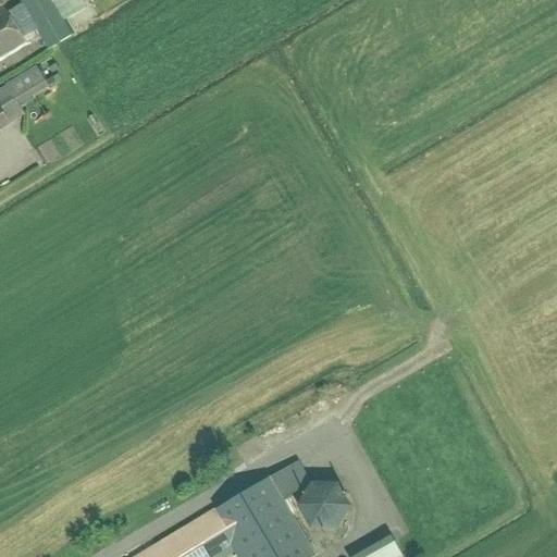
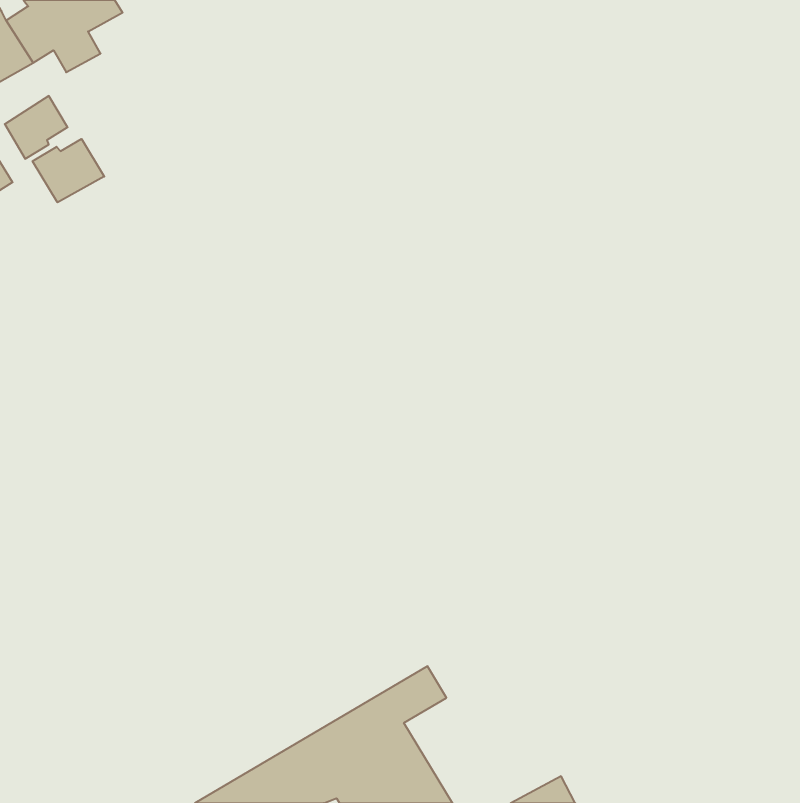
building: none -> [33,139,104,202]
building: [296,485,349,531] -> none

